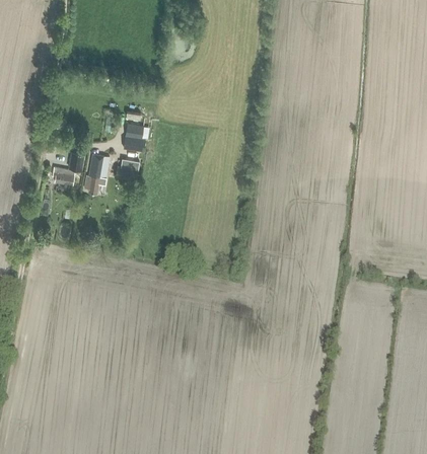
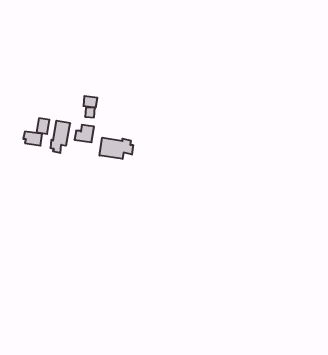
building: none -> [100,138,133,159]

